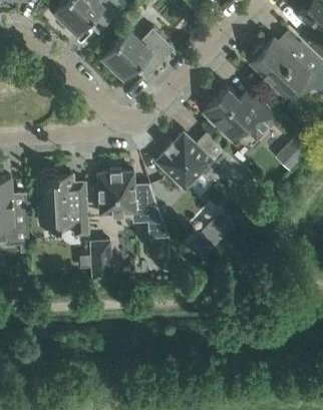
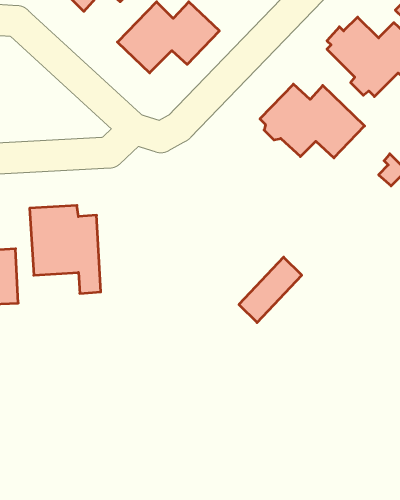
building: [155,132,234,189] -> none
building: [97,170,168,238] -> none
building: [88,241,112,281] -> none

